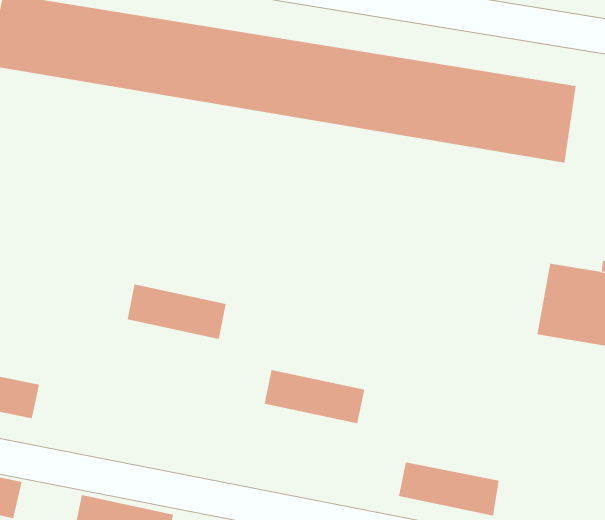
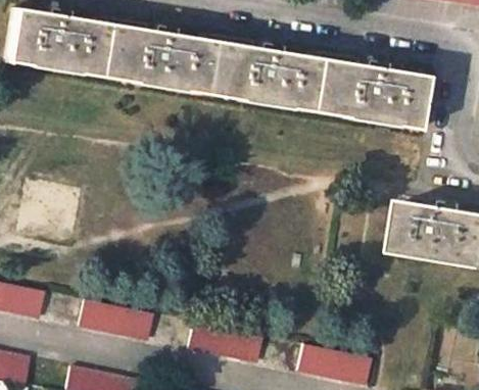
building: [127,284,227,340] -> [81,297,152,337]
building: [264,370,365,424] -> [190,321,262,359]

